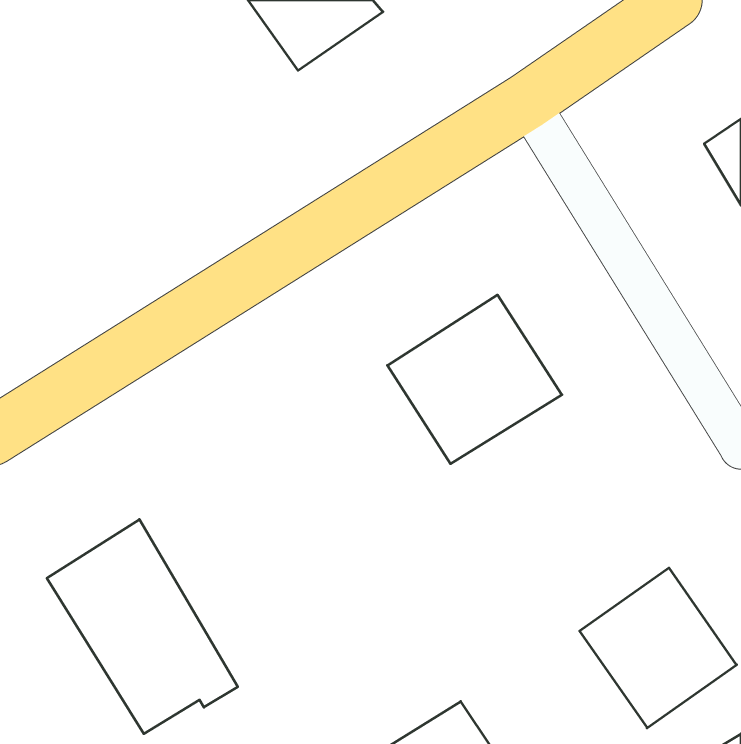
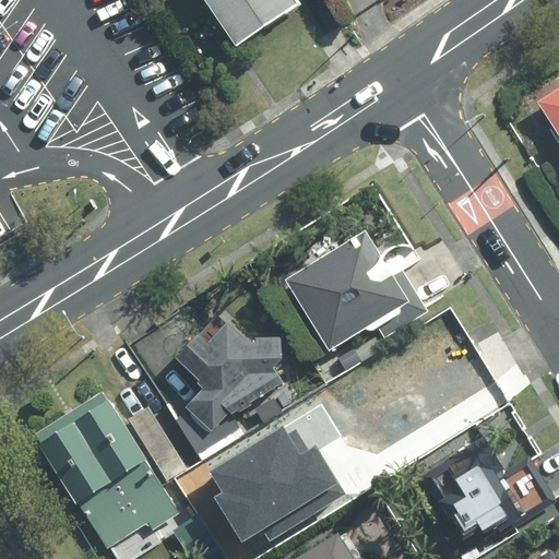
building: none -> [180,322,289,429]
building: none -> [204,431,338,546]

